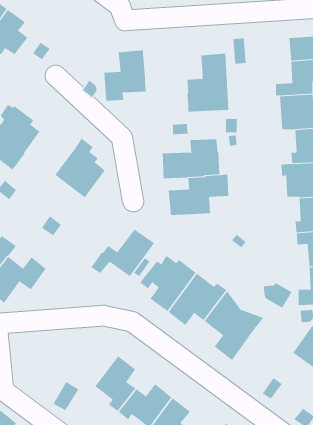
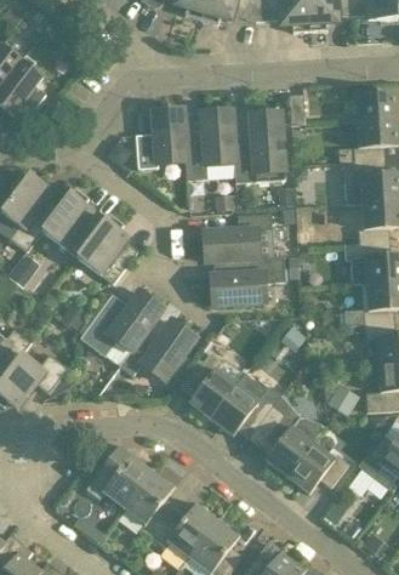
building: none -> [186,110,235,180]
building: none -> [42,187,102,256]
building: none -> [80,290,164,364]
building: none -> [289,443,349,493]
building: none -> [85,444,153,507]

